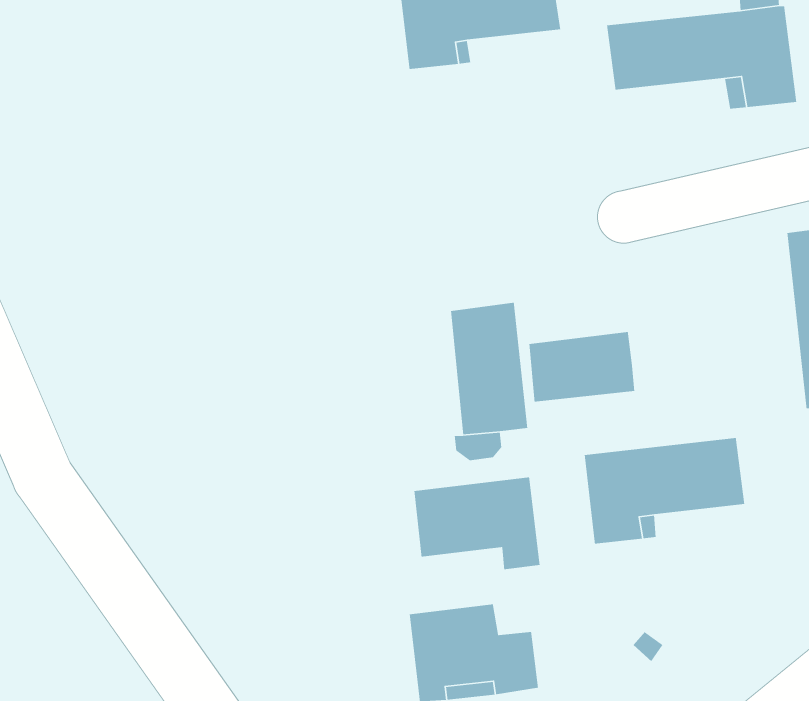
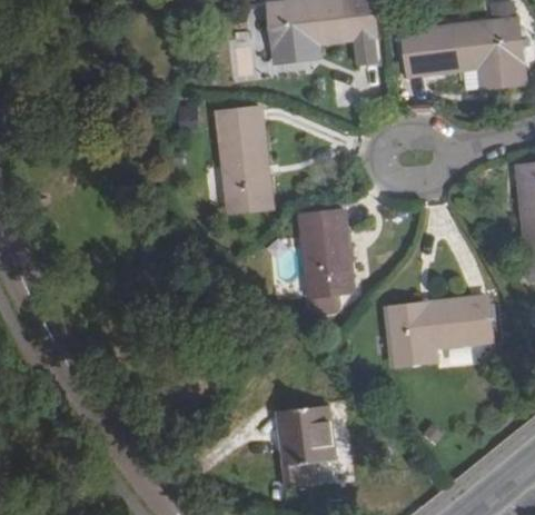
building: none -> [217,109,271,212]
building: [529,331,635,402] -> none
building: [414,476,541,570] -> none

